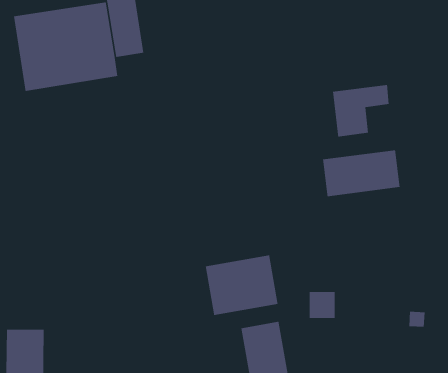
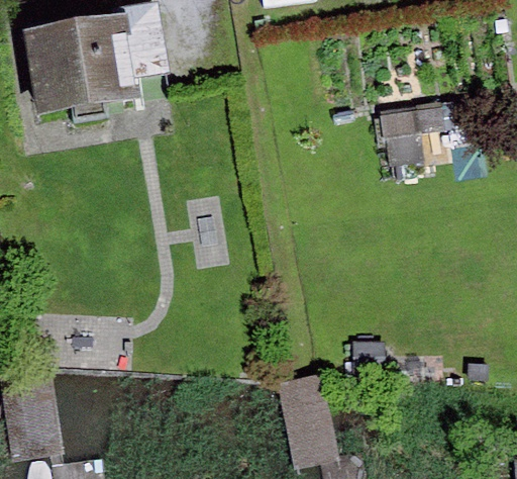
building: [323,149,400,197] -> none
building: [205,254,278,316] -> none

